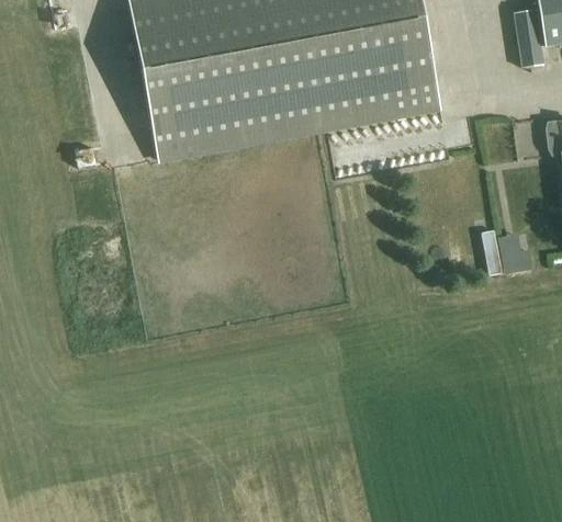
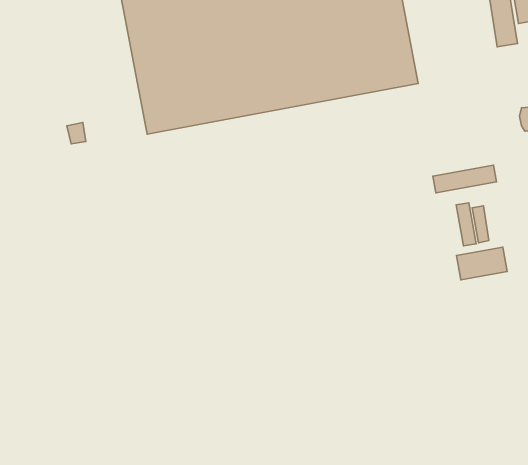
building: none -> [433,165,497,193]
building: none -> [456,247,507,280]

